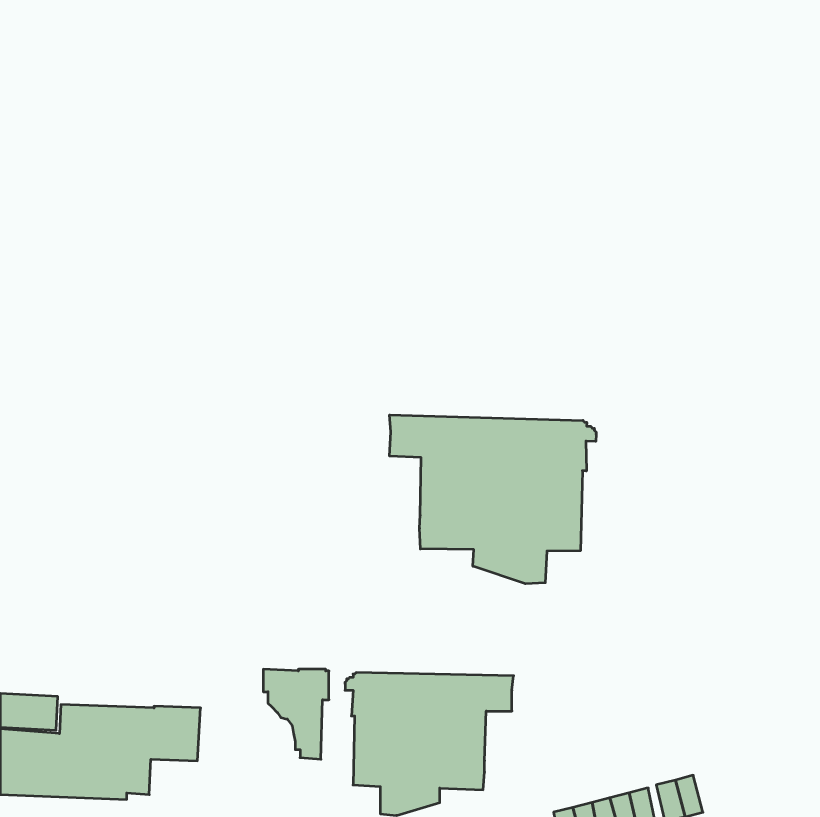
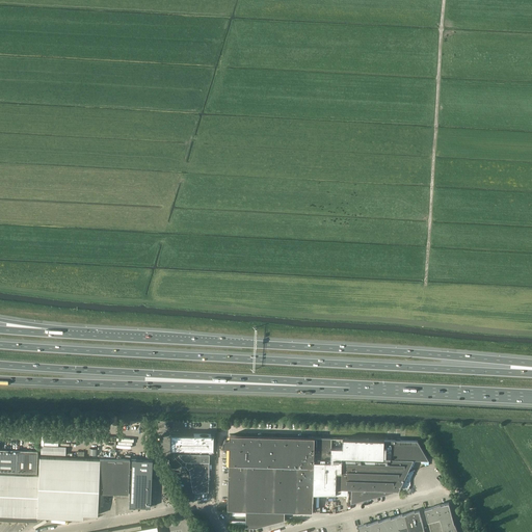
building: [390,415,596,584] -> none
building: none -> [314,441,429,505]
building: none -> [129,460,152,508]

